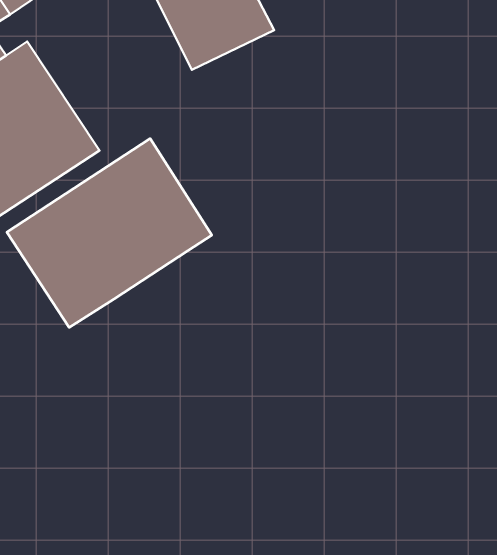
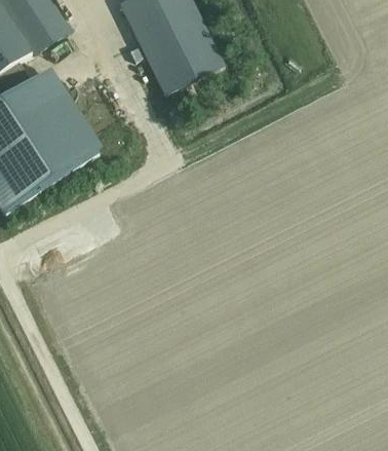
building: [7,139,212,327] -> none

